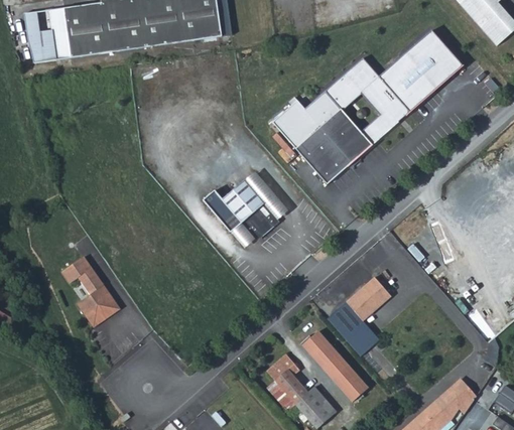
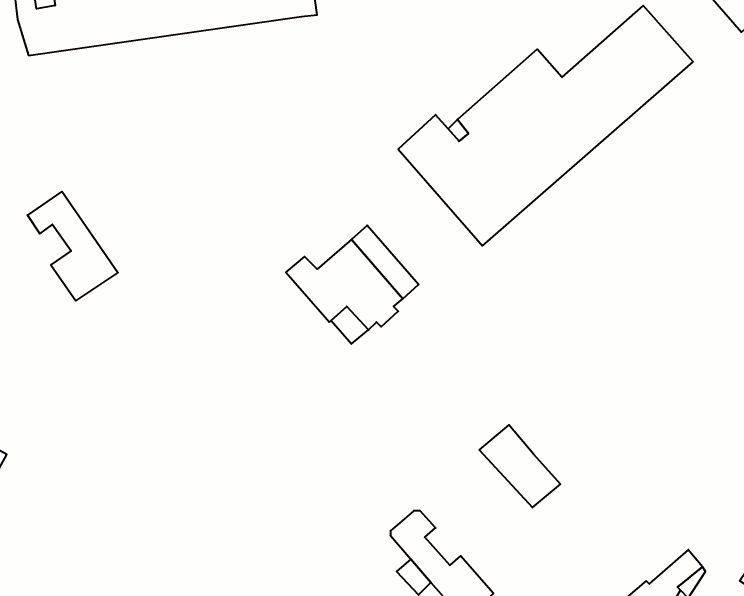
building: [61,255,120,325] -> [27,192,118,301]
building: [345,275,390,319] -> none
building: [301,330,366,401] -> none

